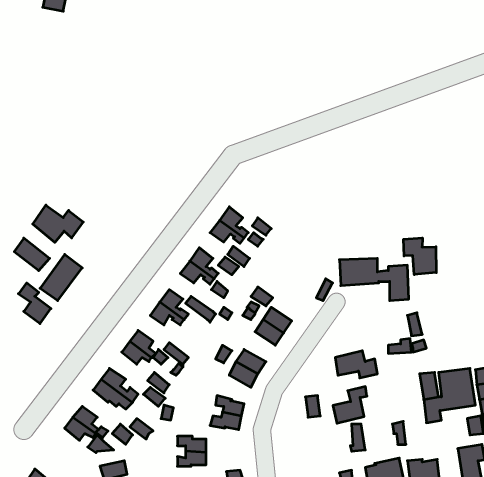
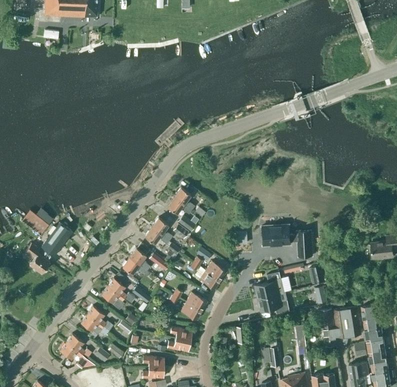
building: [33,205,83,242] -> none
building: [404,238,436,275] -> none
building: [333,387,367,423] -> [255,271,280,298]

